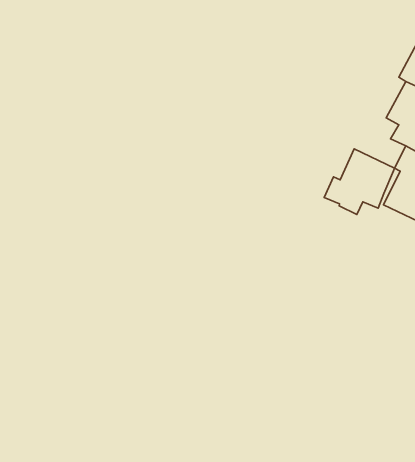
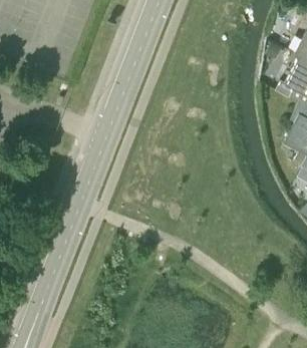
building: [324,149,395,215] -> none

